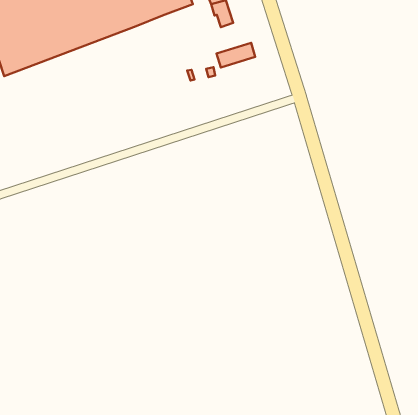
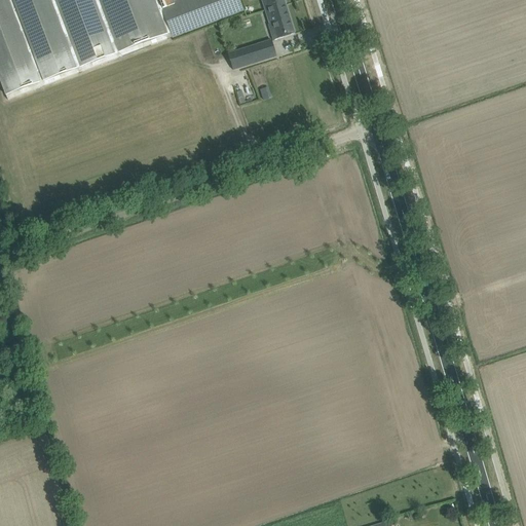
building: [217,43,255,67] -> [226,35,274,66]

